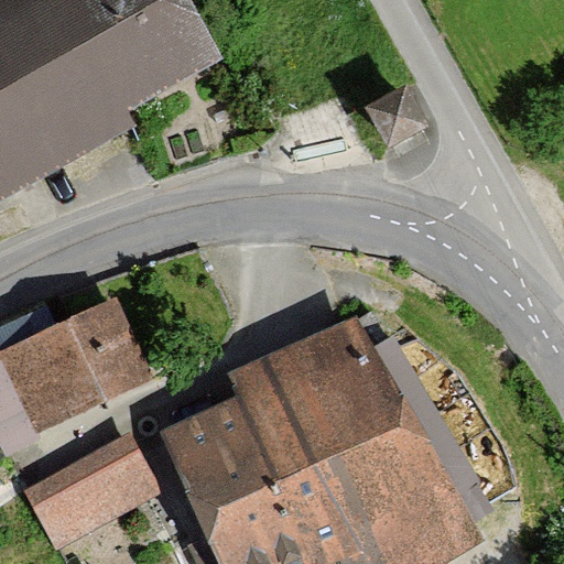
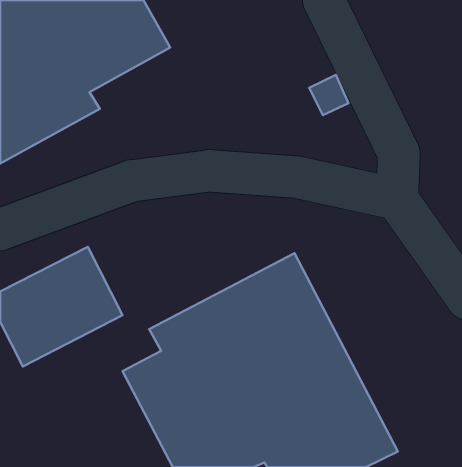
building: [22,427,165,555] -> none

